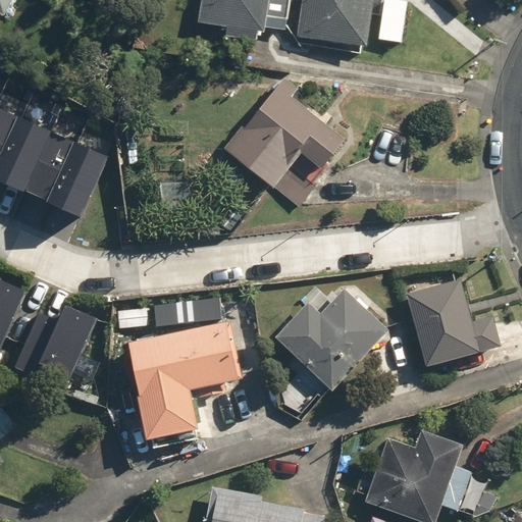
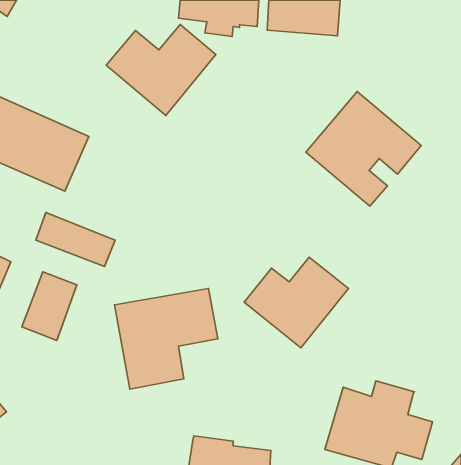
building: none -> [106,25,216,116]
building: [223,82,352,209] -> [306,92,421,206]
building: none -> [36,213,115,267]
building: [400,276,503,364] -> none

